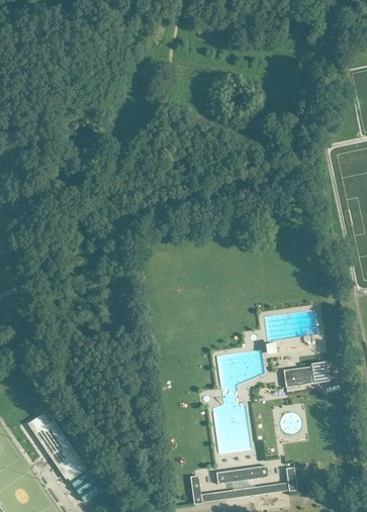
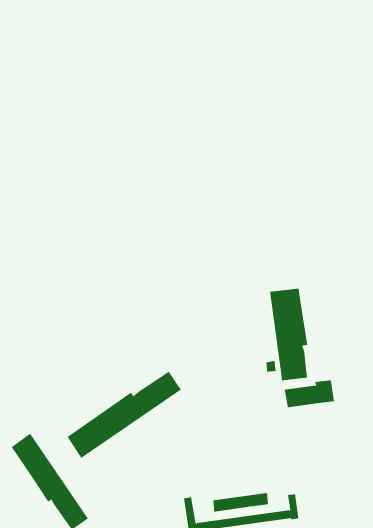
building: none -> [270,288,308,382]
building: none -> [67,371,182,459]

